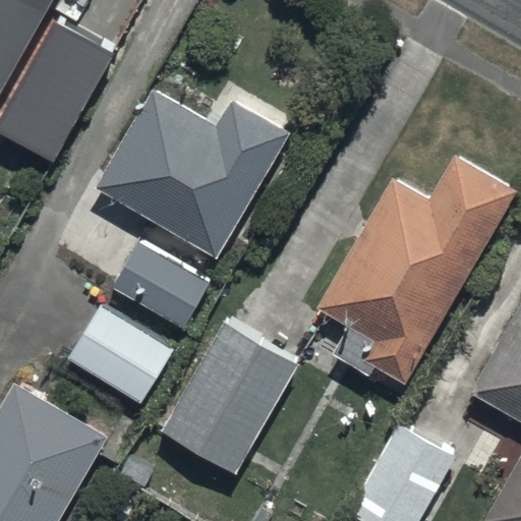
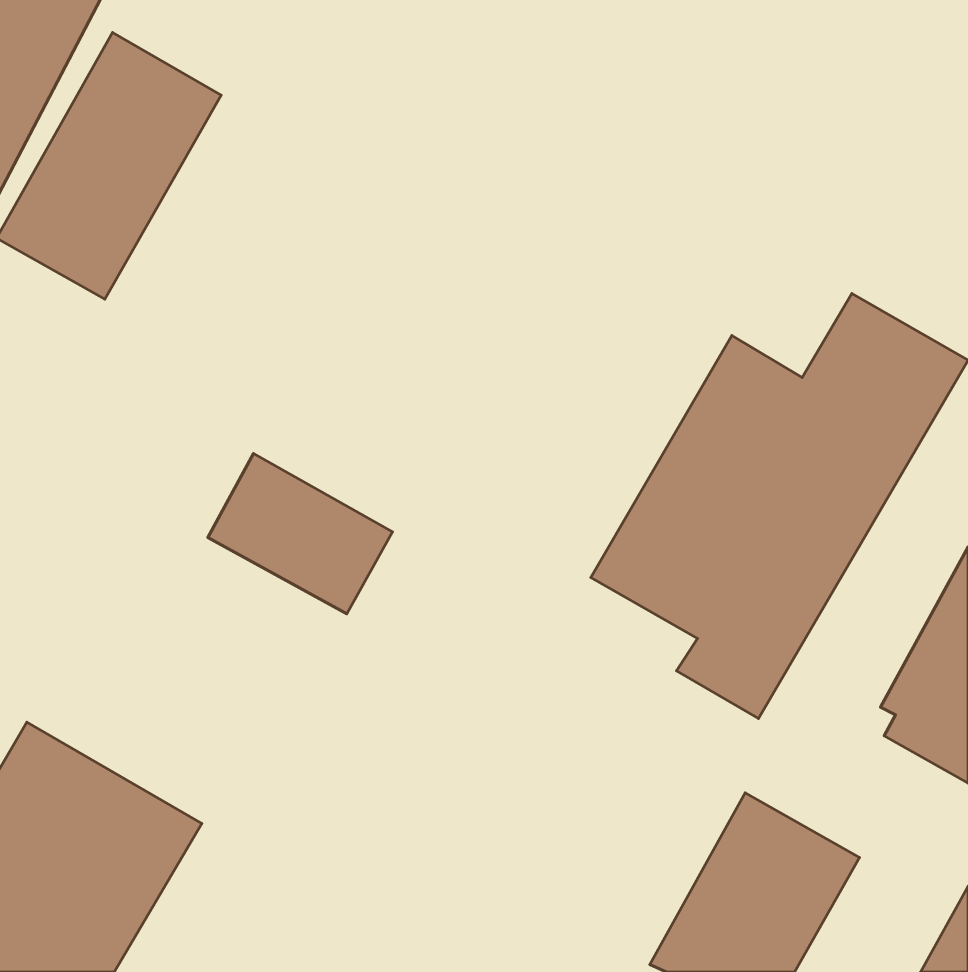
building: [97,90,288,256] -> none
building: [67,303,175,403] -> none
building: [160,320,300,475] -> none

